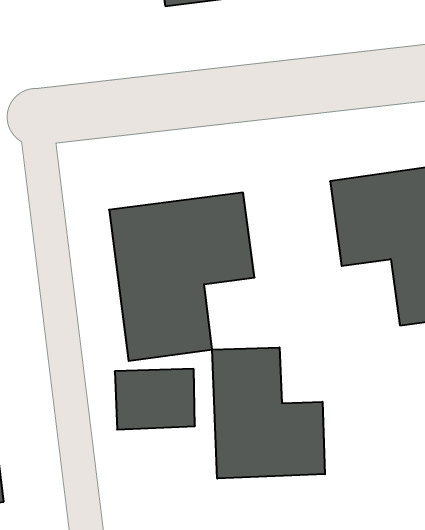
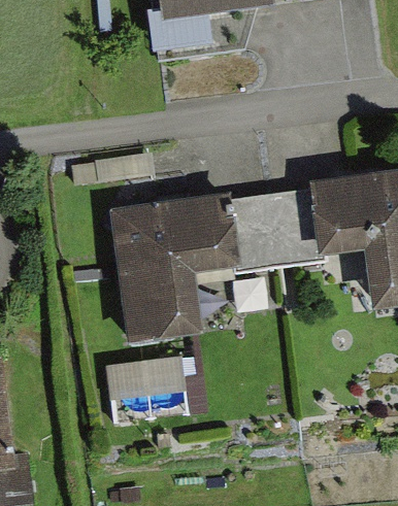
building: none -> [232,182,321,269]
building: [212,347,325,479] -> none

